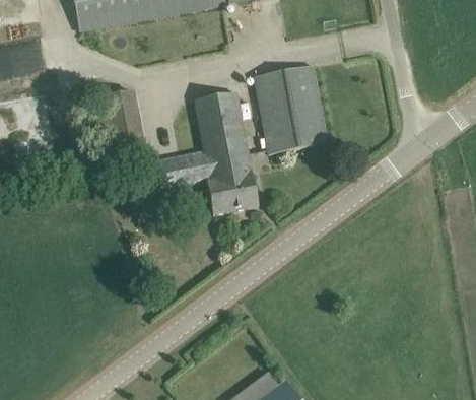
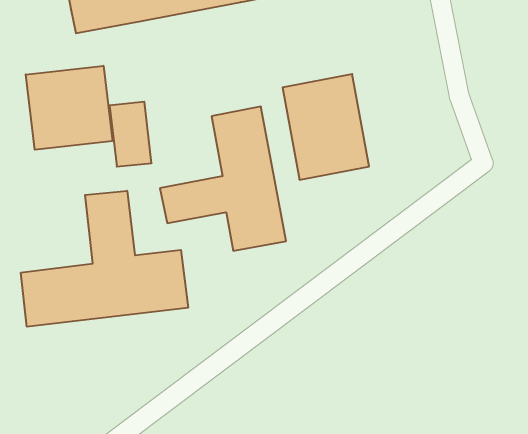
building: none -> [26,66,112,150]
building: none -> [21,191,188,327]

